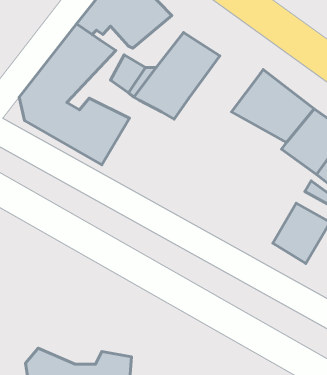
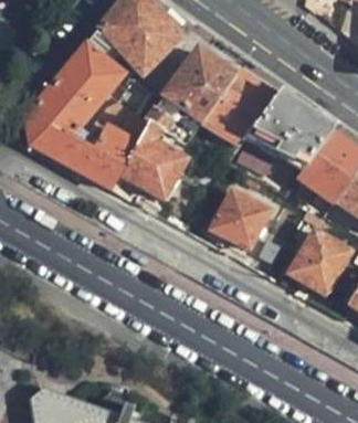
building: none -> [201,72,275,147]
building: none -> [119,124,180,198]
building: none -> [208,191,264,247]

